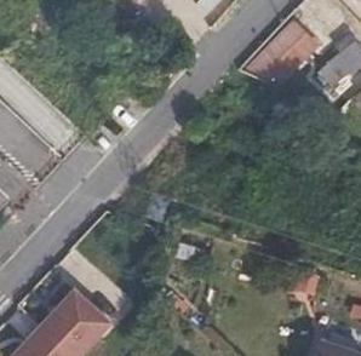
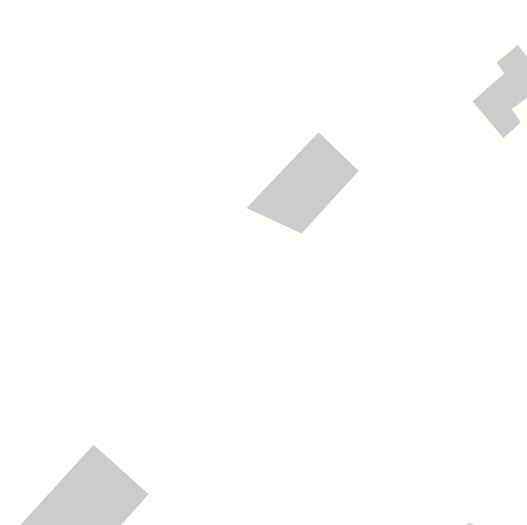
building: [242,19,316,86] -> [246,132,360,234]

